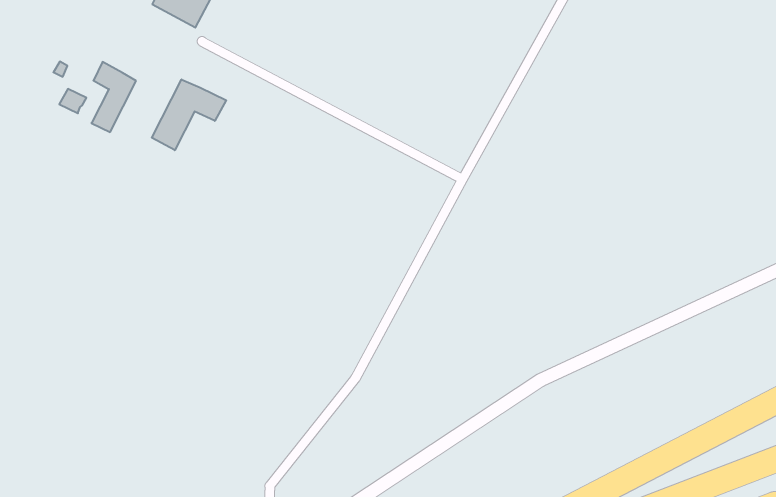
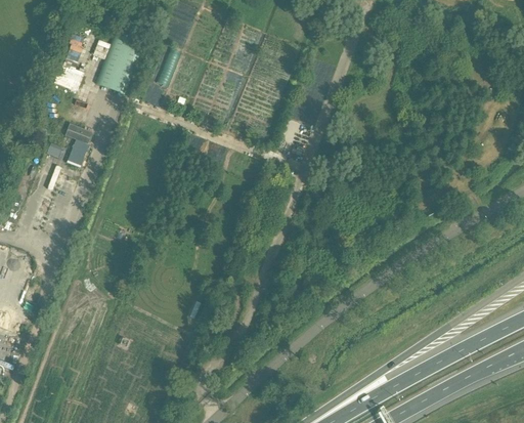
building: [152,79,226,150] -> none

